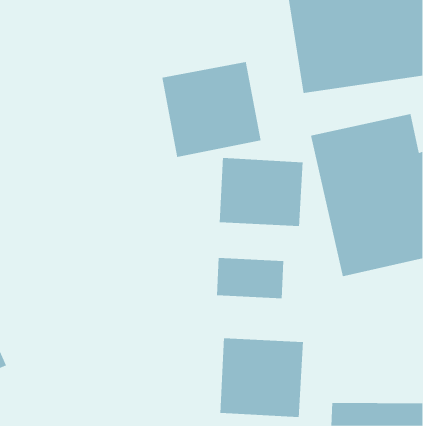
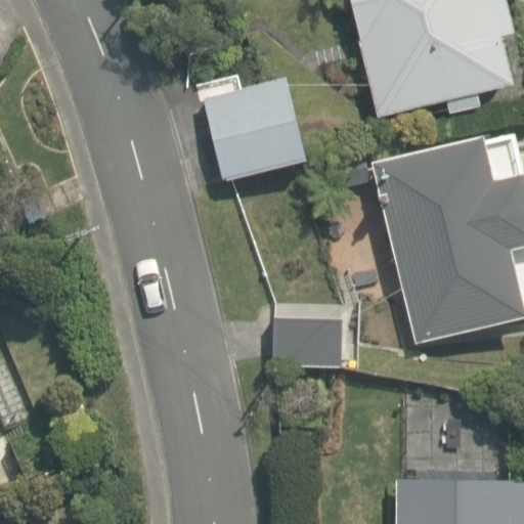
building: [219,157,303,227] -> none
building: [220,338,304,418] -> none

